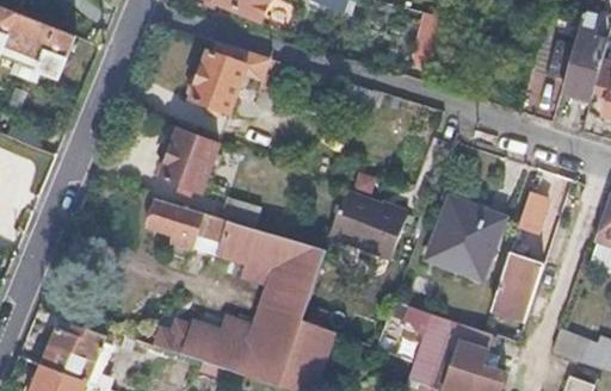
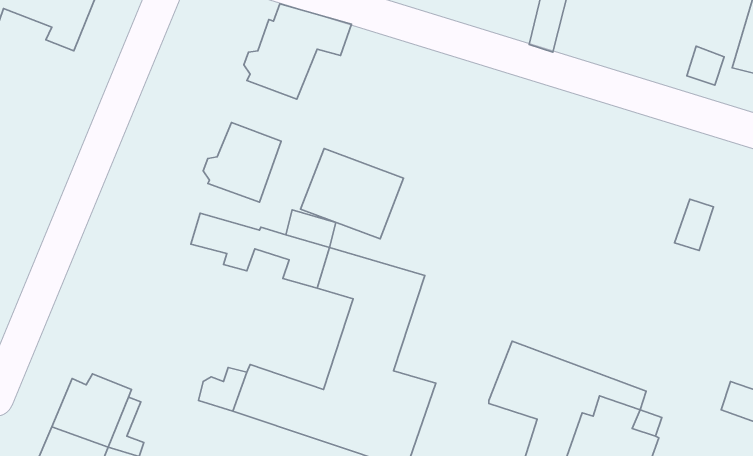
building: [328,187,407,256] -> [301,148,404,239]
building: [425,203,504,279] -> none
building: [490,253,544,318] -> none

